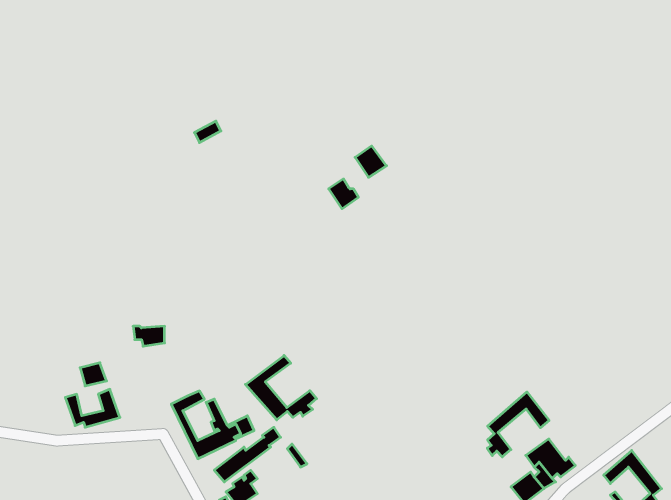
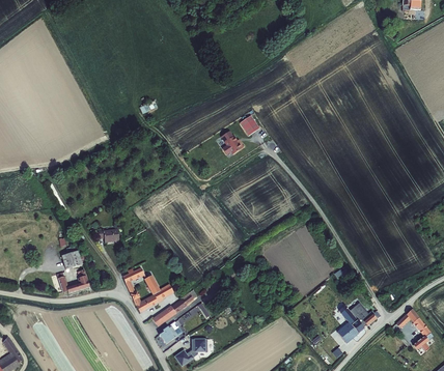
building: [245,355,317,420] -> none
building: [487,392,549,457] -> none

